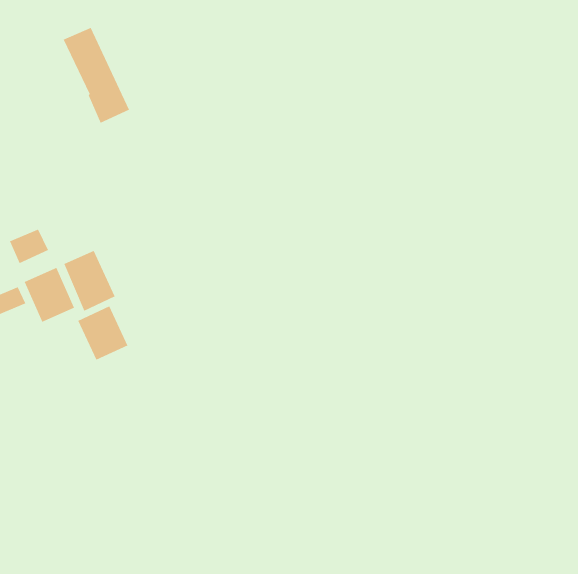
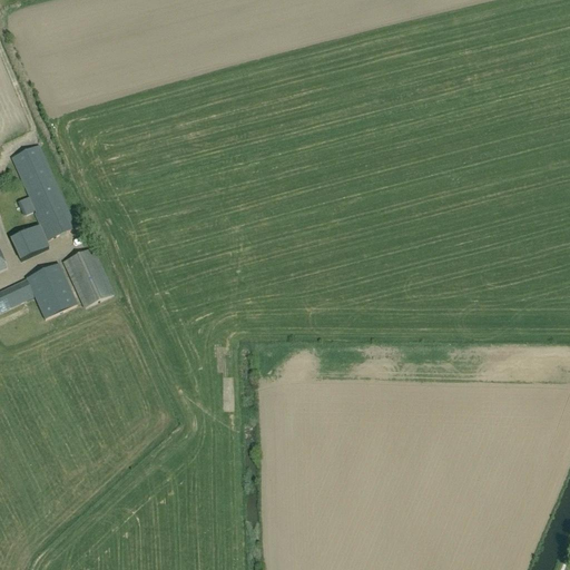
building: [63,27,130,123] -> [10,145,76,239]
building: [78,306,128,361] -> none

